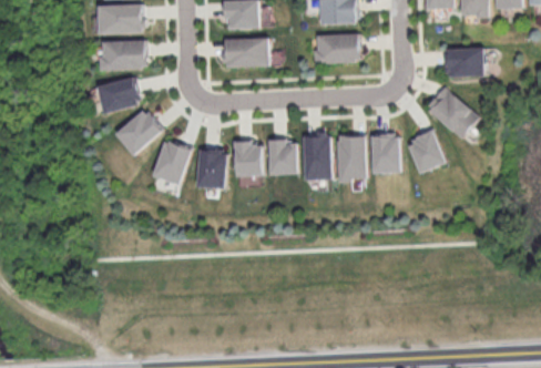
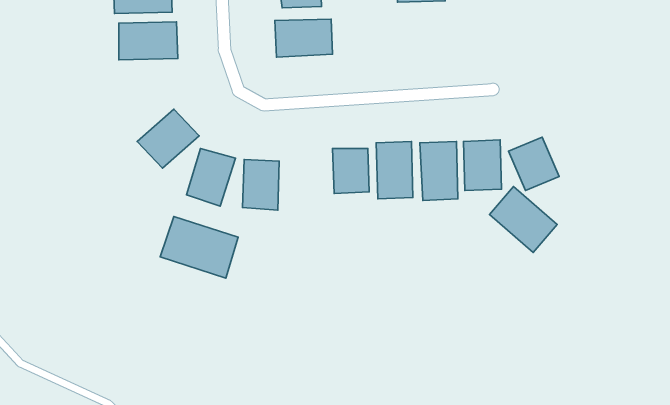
building: [314,33,360,63] -> none
building: [446,48,484,76] -> none
building: [95,76,141,114] -> none
building: [427,86,480,139] -> [490,186,557,252]
building: [235,140,263,176] -> none
building: none -> [160,216,238,278]

